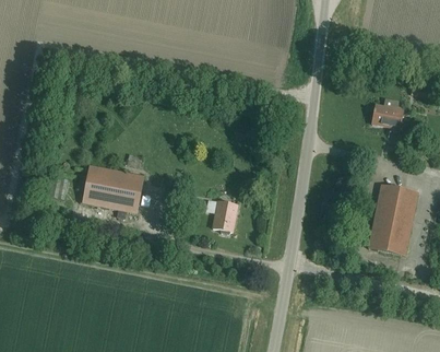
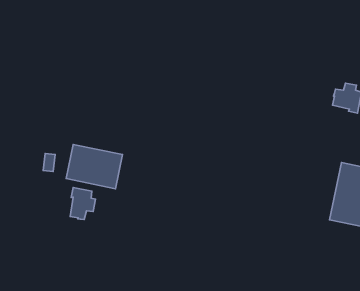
building: [212,201,237,234] -> none
building: none -> [70,187,96,220]

